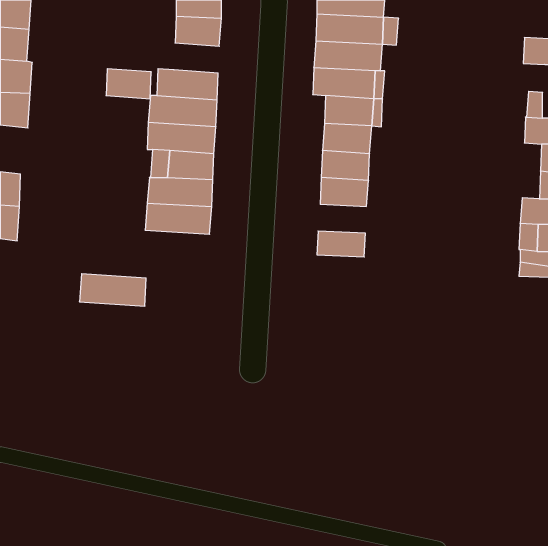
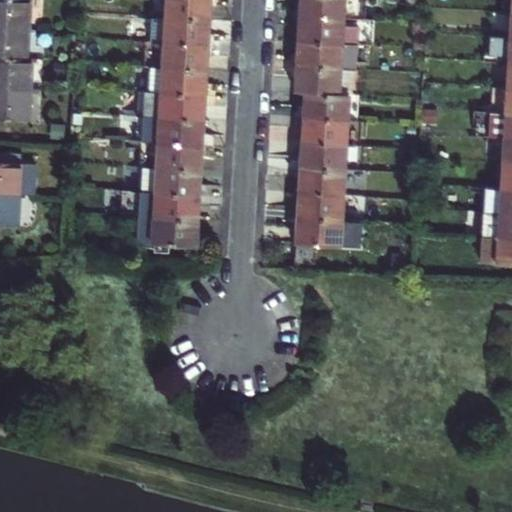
building: [106,69,151,99] -> [163,43,205,71]
building: none -> [297,193,342,220]
building: [79,274,146,306] -> [134,217,196,247]

